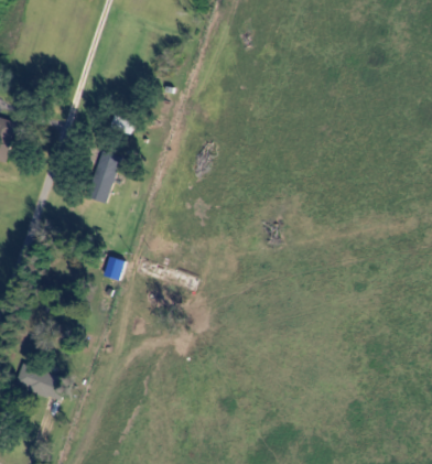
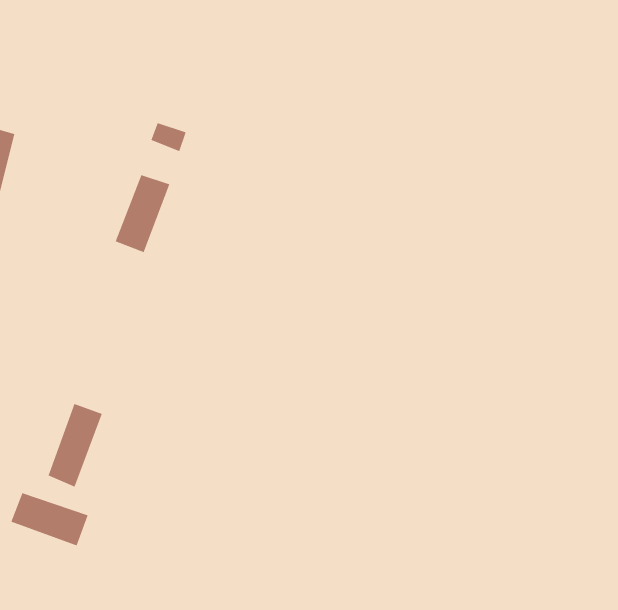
building: none -> [48,403,102,487]

